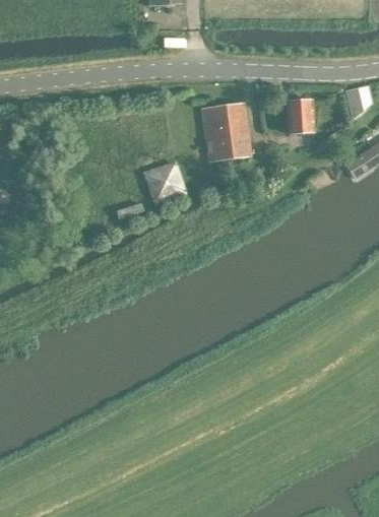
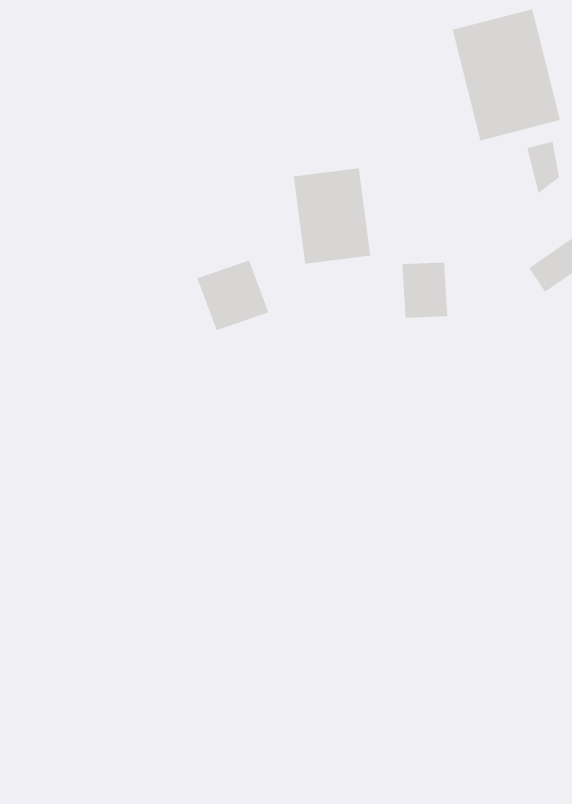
building: none -> [452,8,561,141]
building: [286,100,314,134] -> [402,262,448,319]

